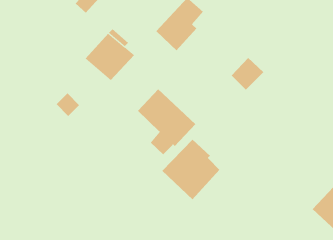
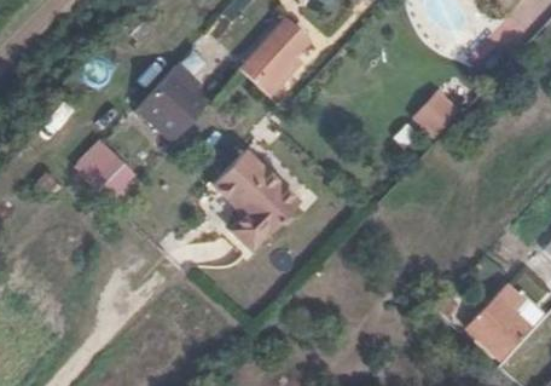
building: [231,57,264,91] -> [413,88,462,137]
building: [161,139,220,200] -> none

